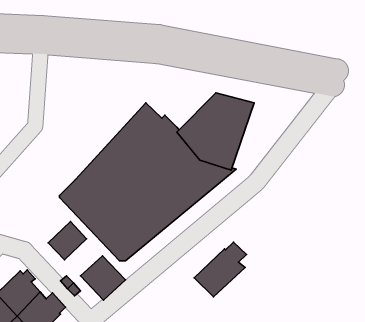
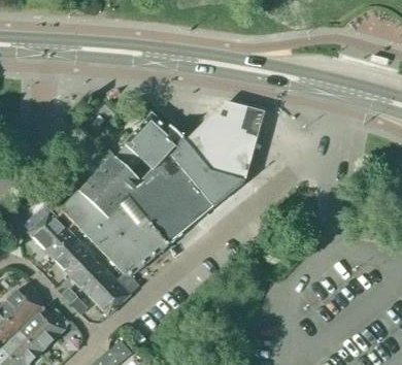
building: none -> [23,211,73,257]
building: none -> [67,253,106,291]
building: [194,242,246,297] -> none

